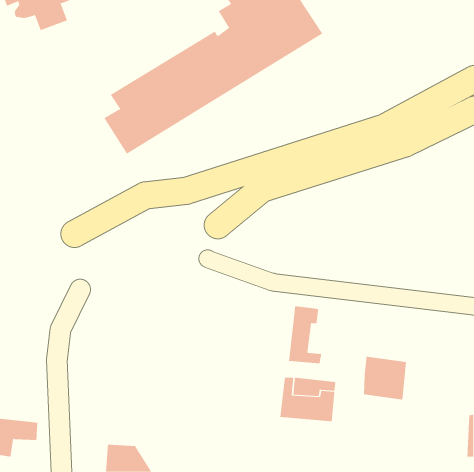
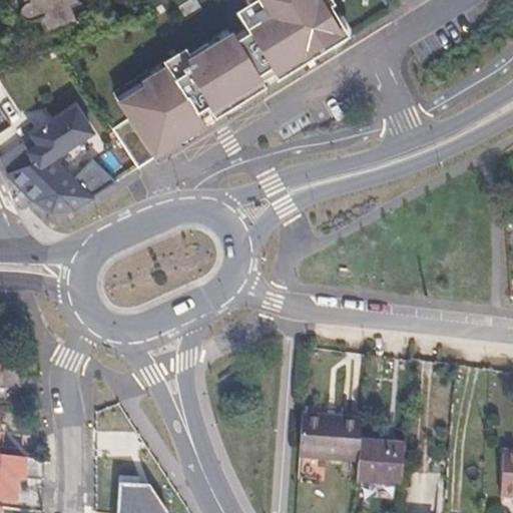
building: none -> [7,105,110,212]
building: [288,306,322,364] -> none
building: [363,356,407,400] -> [357,434,404,481]

